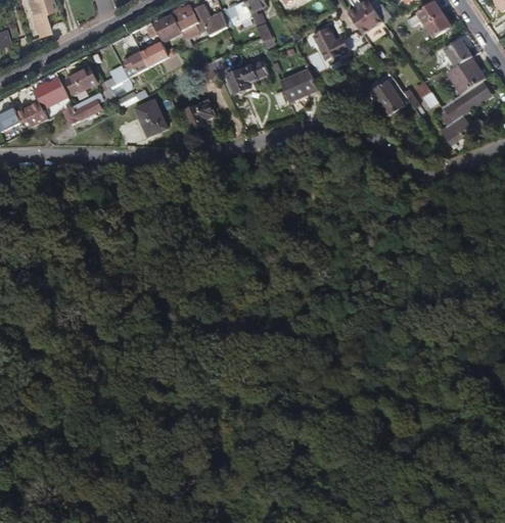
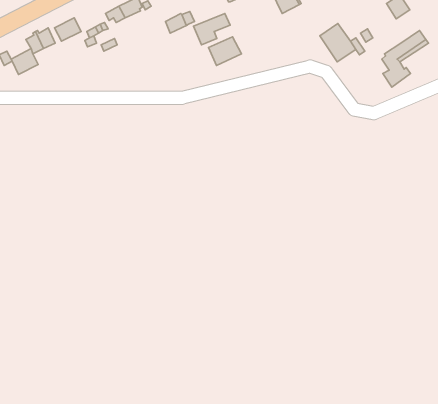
building: [447,56,485,94] -> none
building: [280,68,318,101] -> [208,37,242,66]
building: [64,97,102,124] -> none
building: [135,99,167,136] -> none
building: [184,103,214,135] -> none

